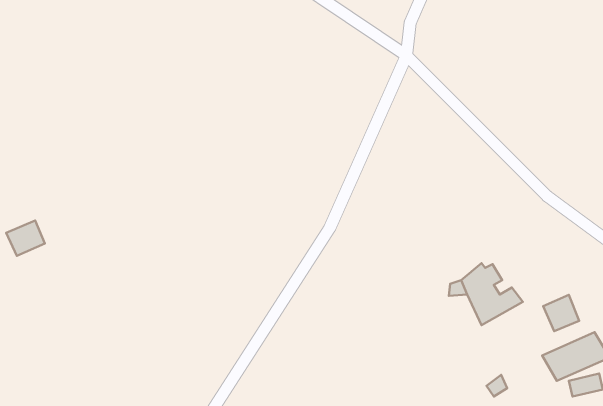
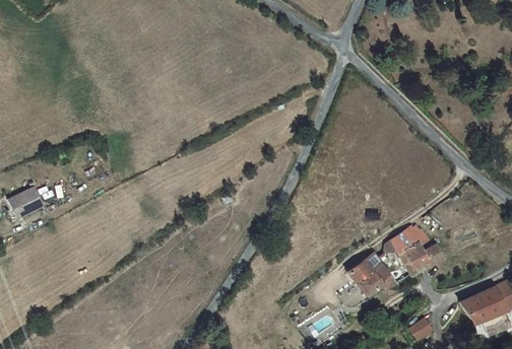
building: none -> [345,250,393,296]
building: [543,295,579,331] -> none

